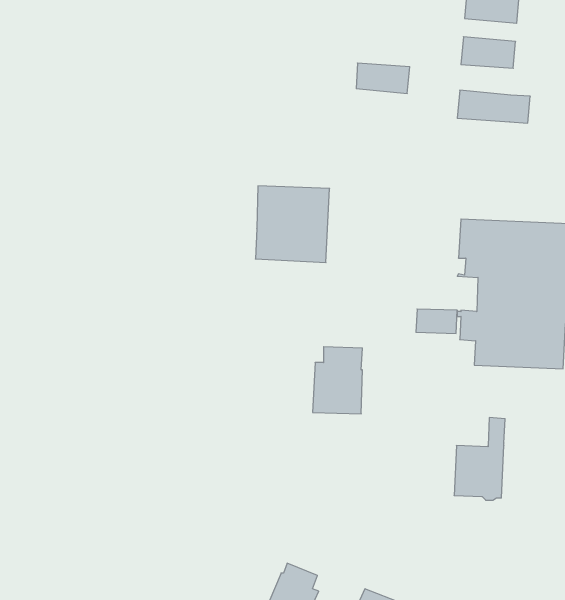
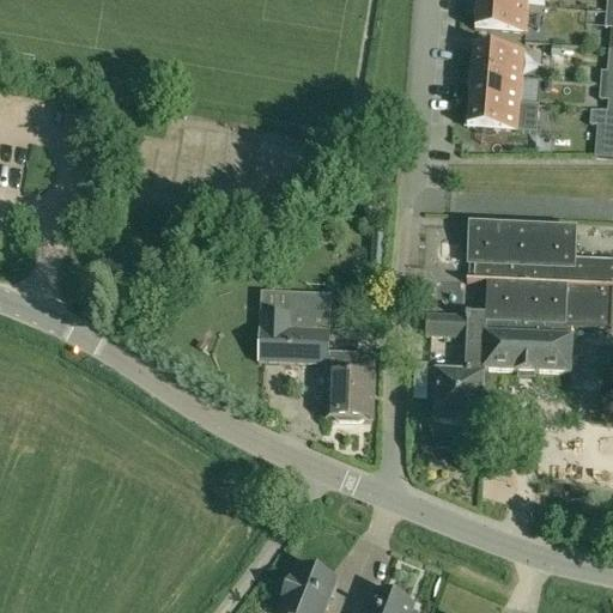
building: [356,63,410,93] -> [469,71,522,101]
building: [255,186,330,263] -> [257,289,330,364]
building: [454,418,505,500] -> [435,341,485,423]

